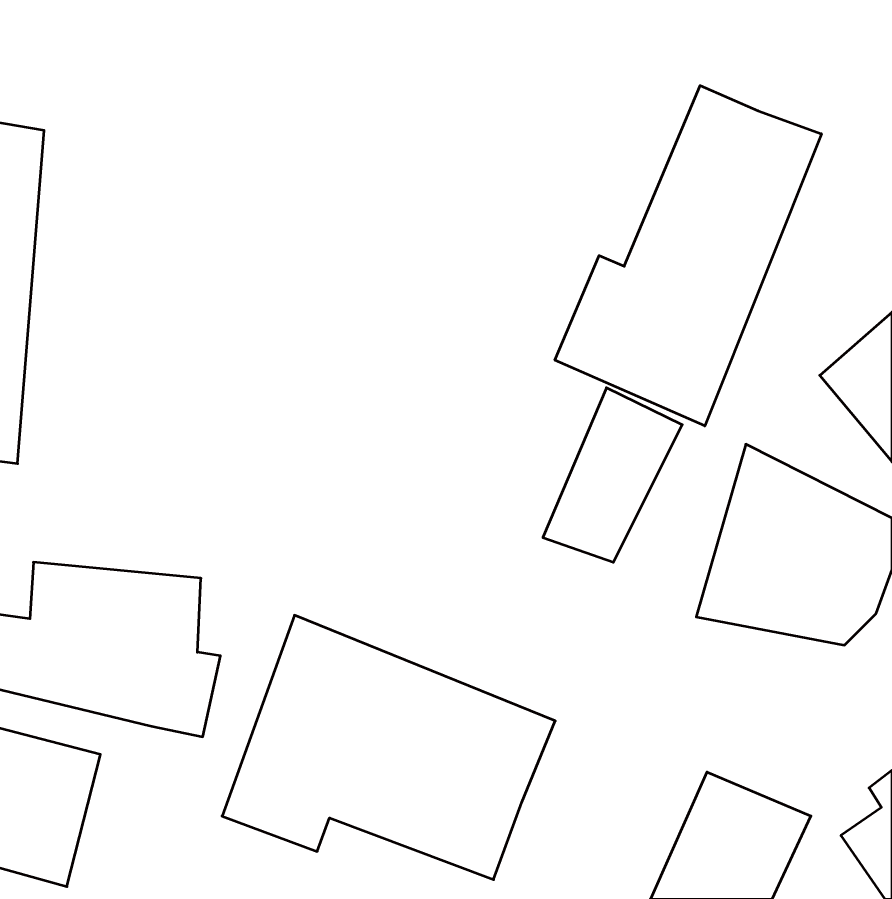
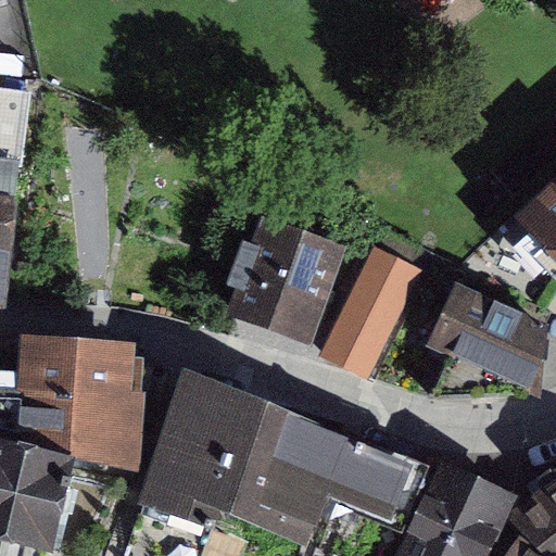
building: [555,86,821,426] -> none
building: none -> [250,223,348,326]
building: none -> [321,438,418,523]

